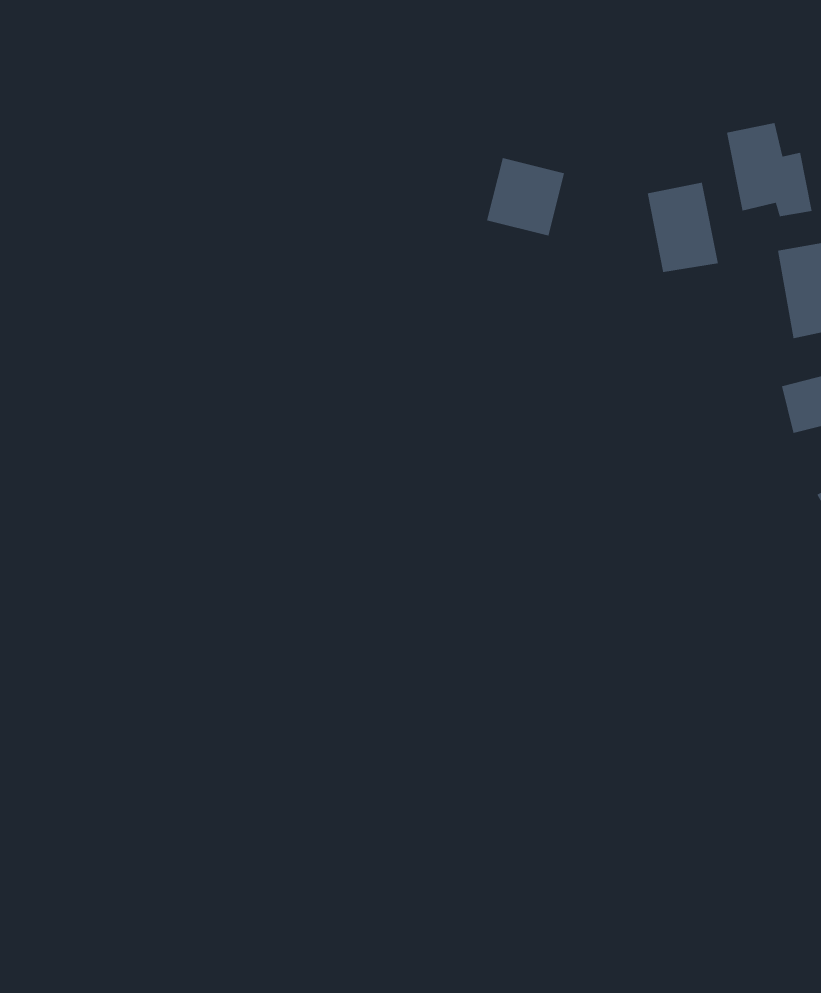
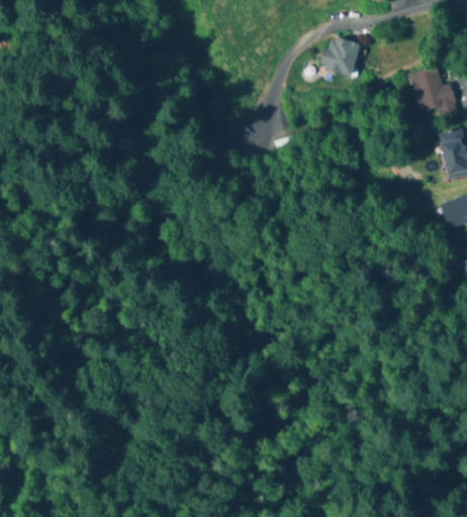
building: [486,158,565,236] -> [320,36,361,77]
building: [647,182,718,273] -> none

